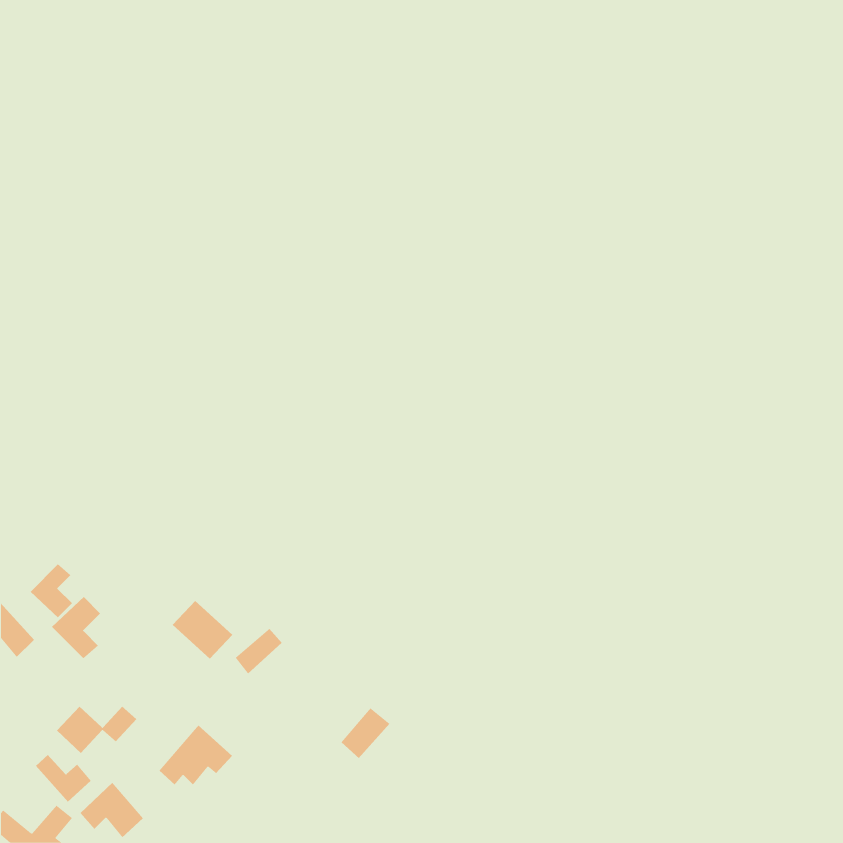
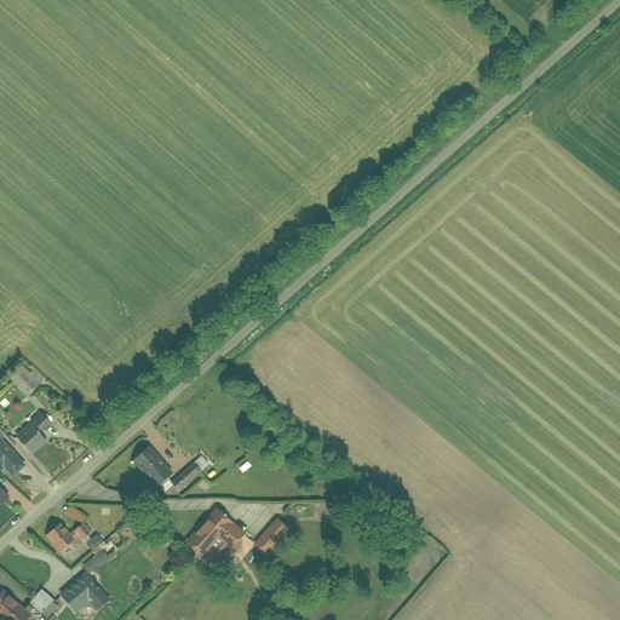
building: [51,596,101,659] -> none
building: [158,724,233,786] -> [182,512,236,557]
building: [35,754,92,803] -> none

